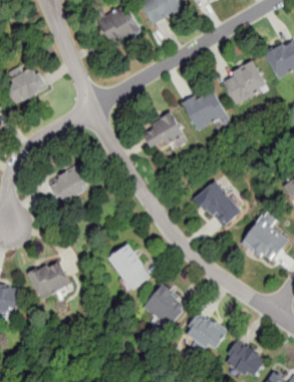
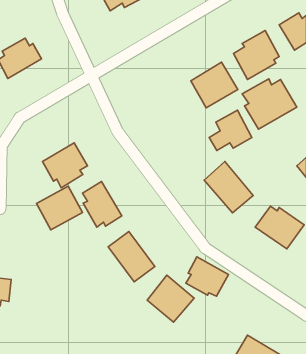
building: none -> [242,79,297,129]
building: [144,111,184,148] -> [209,110,252,150]
building: none -> [82,182,122,227]
building: [28,261,70,301] -> [37,186,82,230]
building: [187,313,226,349] -> [186,257,228,296]

